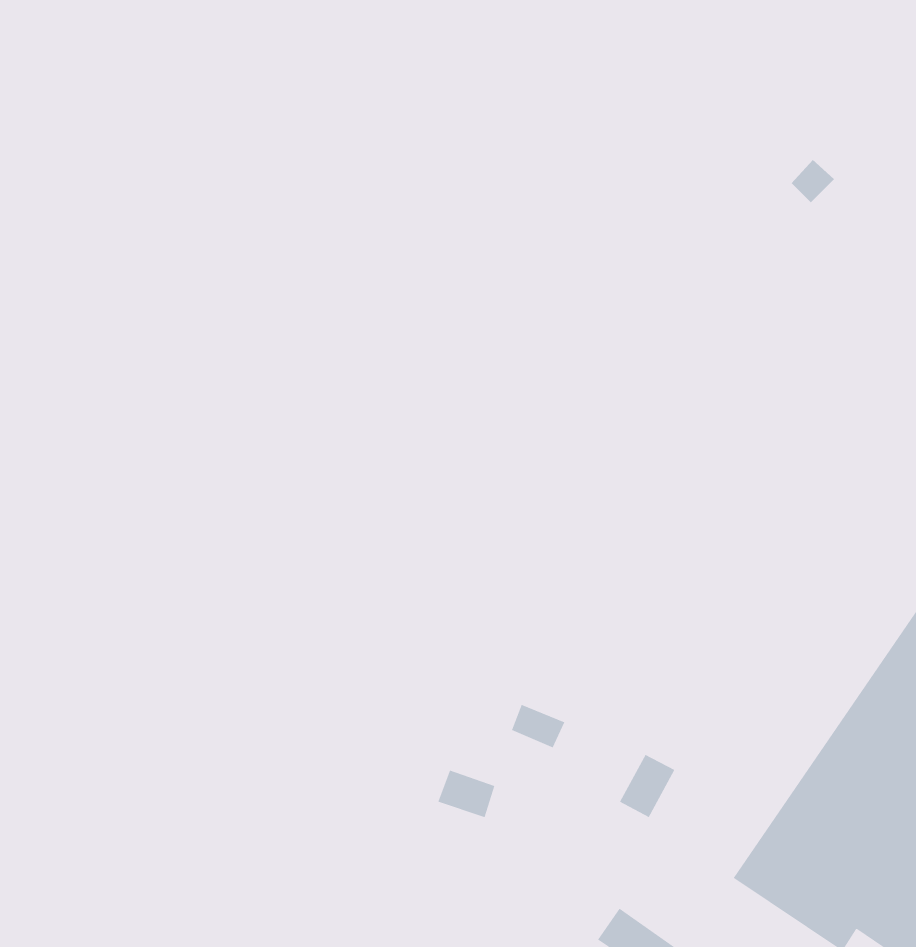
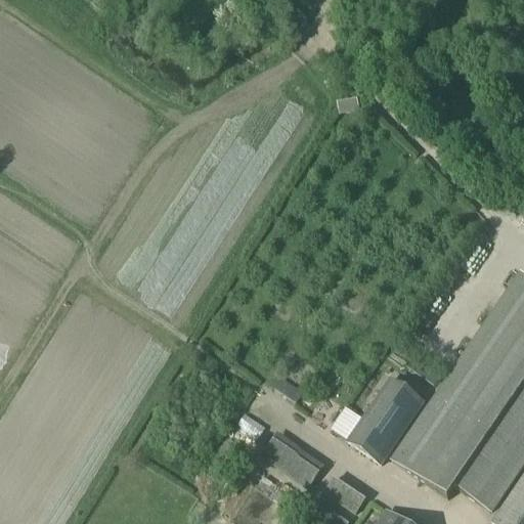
building: none -> [348,378,425,463]
building: none -> [262,432,324,485]

